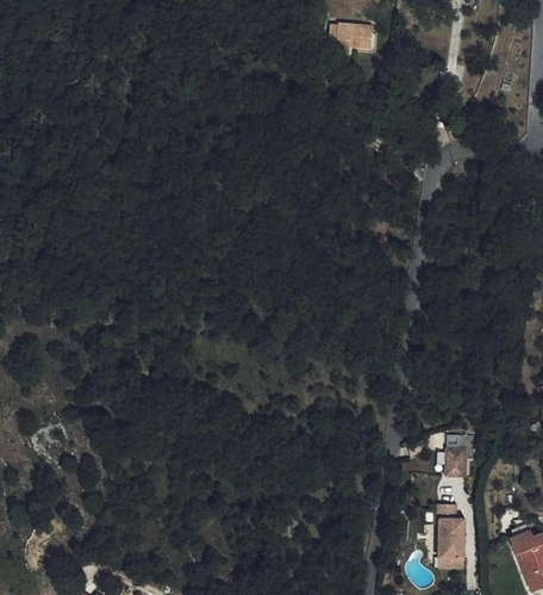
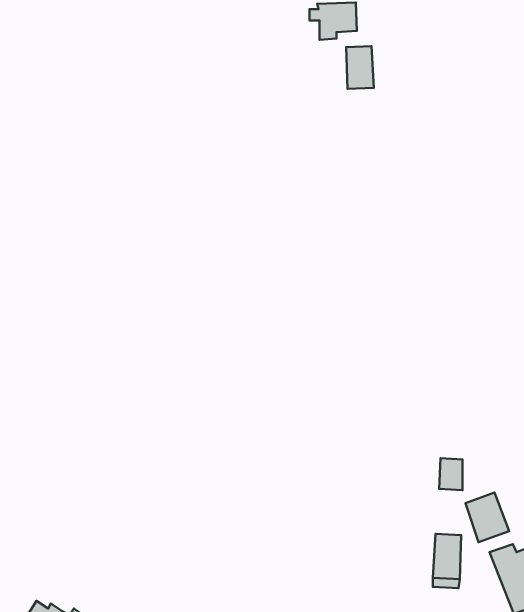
building: none -> [346,46,374,89]
building: none -> [466,493,509,542]

